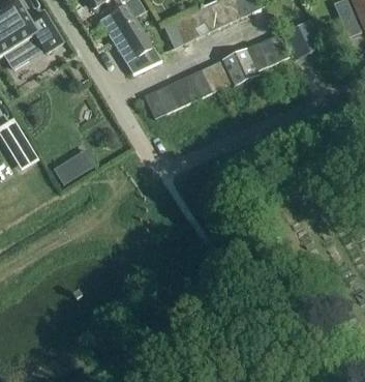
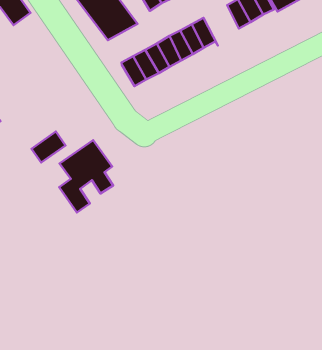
building: [223,48,257,85] -> none
building: none -> [59,140,113,212]

